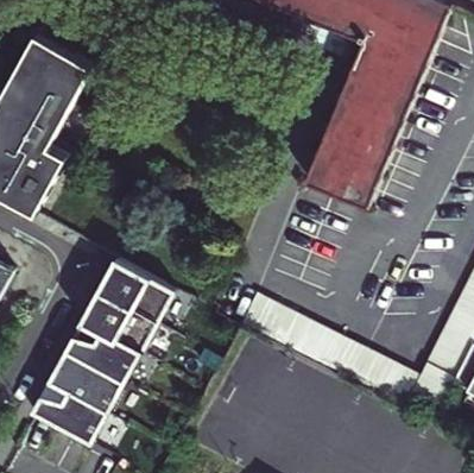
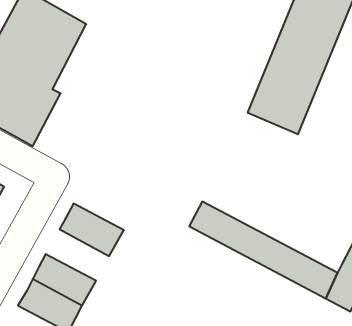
building: [96,259,175,323] -> none
building: [63,322,139,384] -> none

